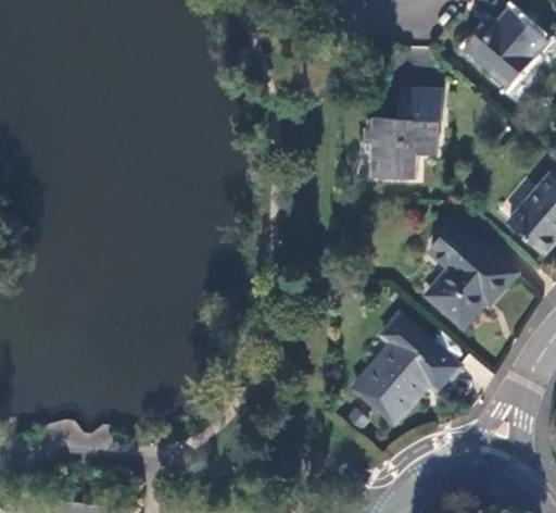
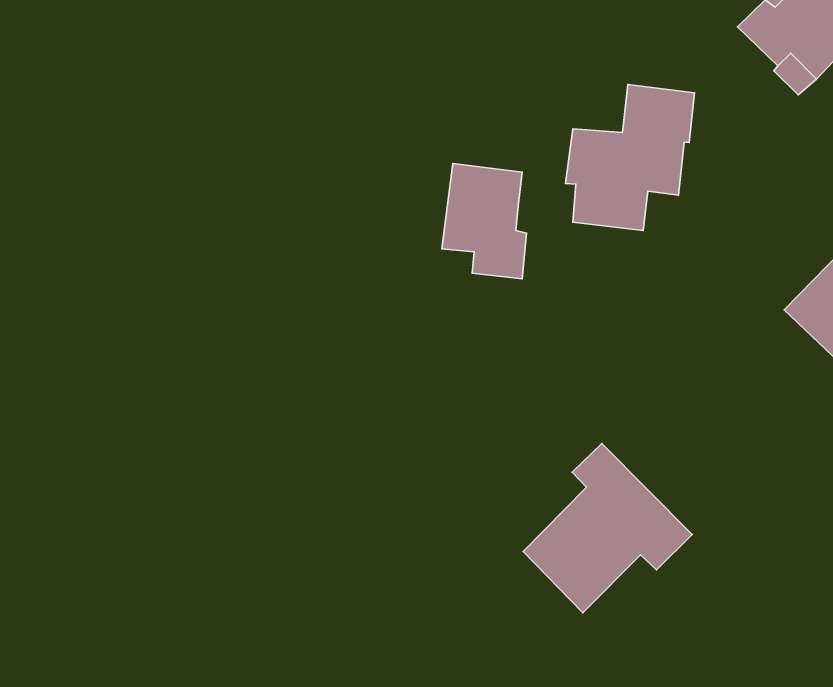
building: none -> [442,163,527,279]
building: [427,221,517,327] -> none

